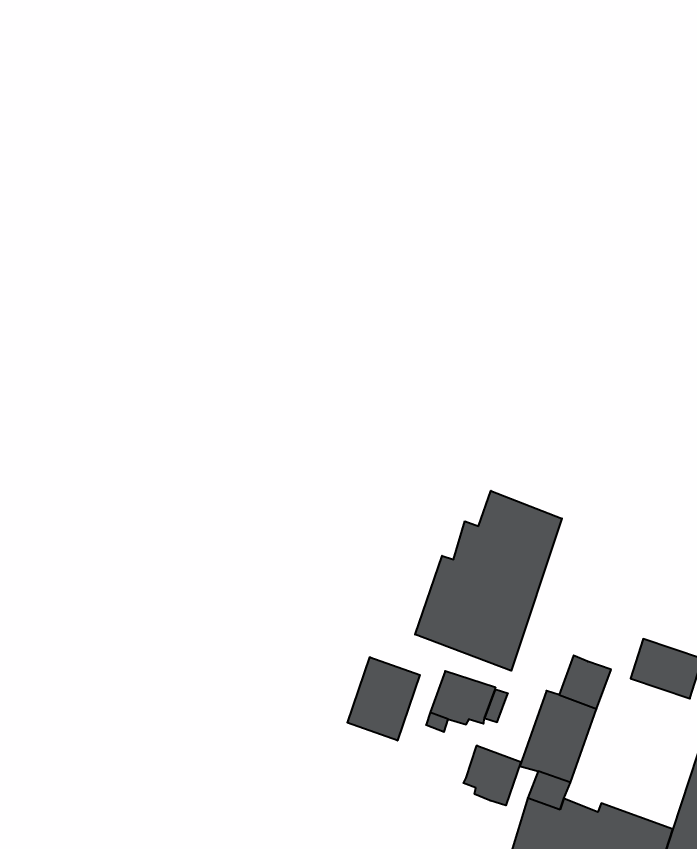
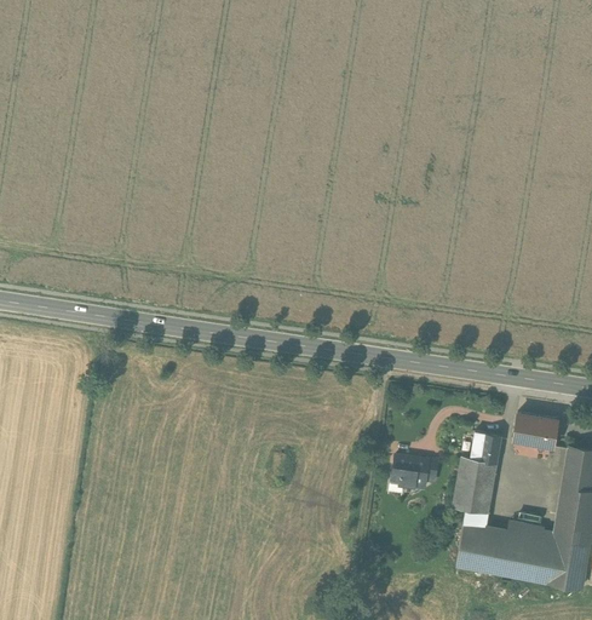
building: [415,491,562,671] -> none
building: [347,657,420,741] -> none
building: [463,745,521,805] -> none

